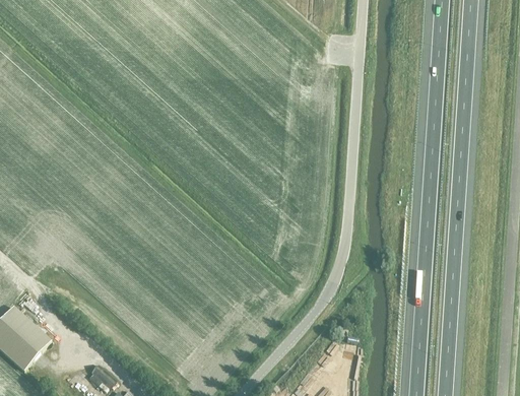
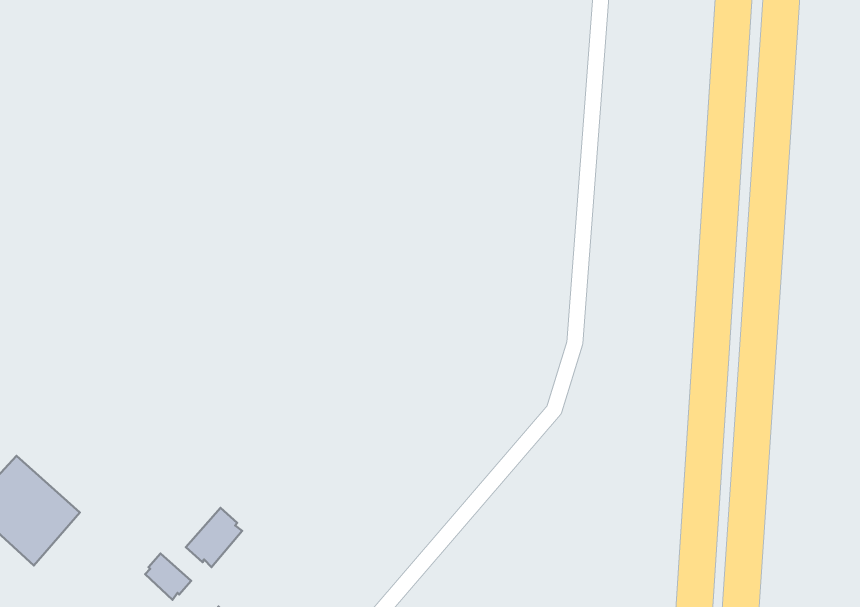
building: none -> [186,508,242,567]

